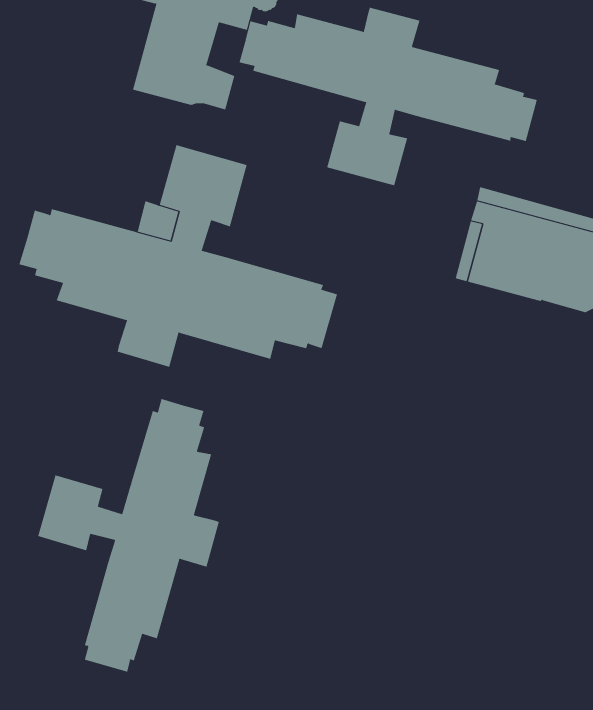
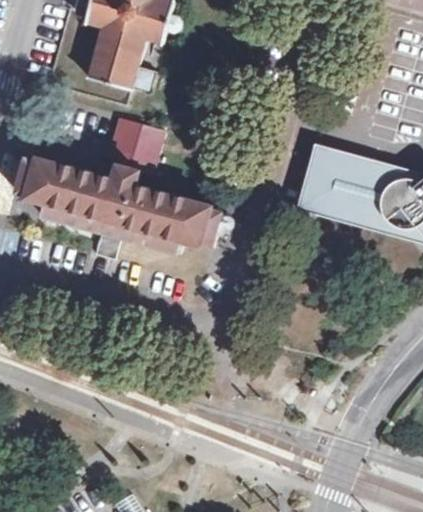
building: [239,7,537,186] -> none
building: [37,398,220,673] -> none

